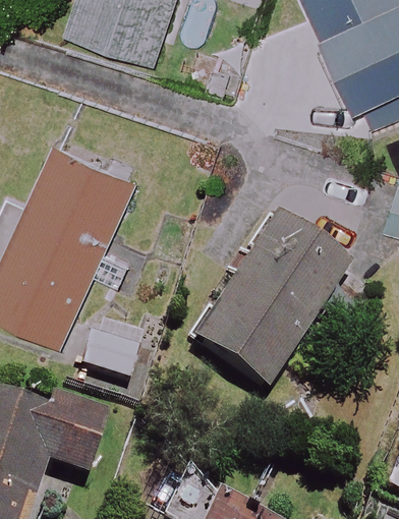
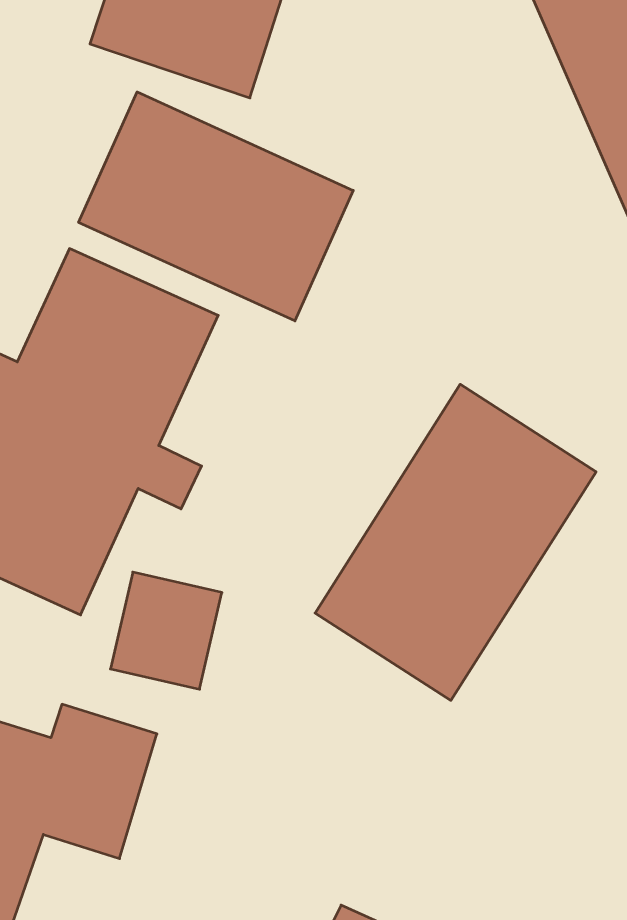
building: none -> [79,92,353,321]

